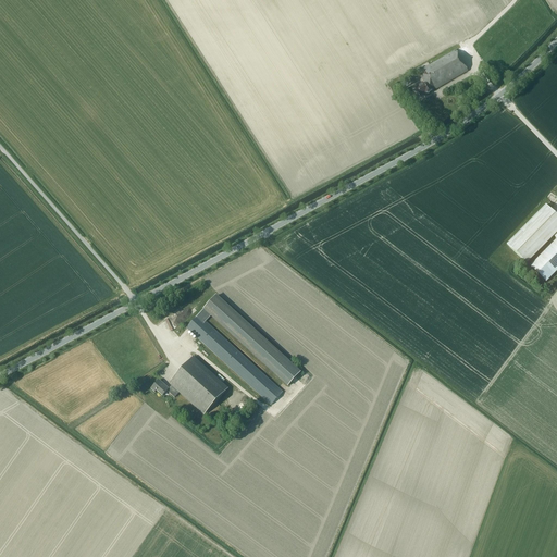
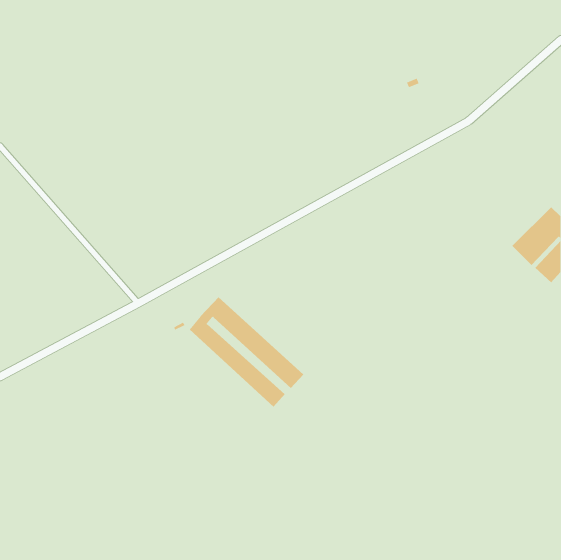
building: [416,49,468,96] -> none
building: [151,356,228,413] -> none

